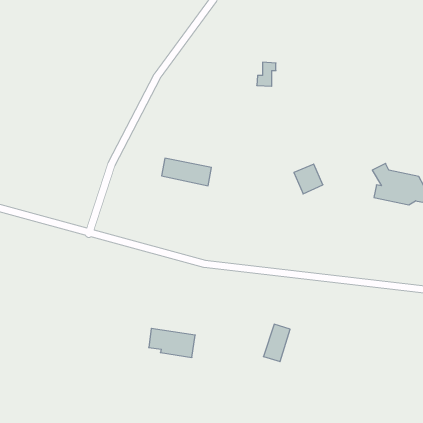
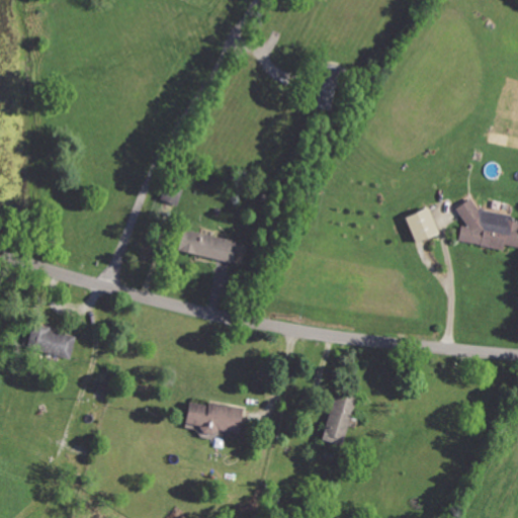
building: [162,158,211,186] -> [177,230,238,263]
building: [294,164,323,194] -> [403,207,438,244]
building: none -> [28,325,77,359]

